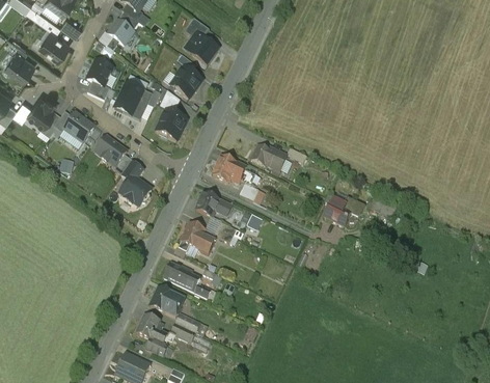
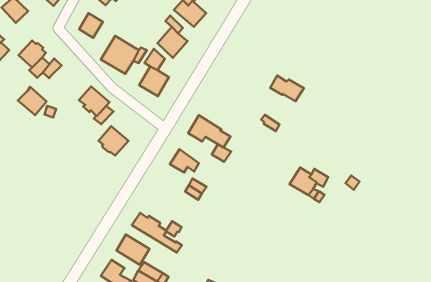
building: [64,114,94,143] -> [18,87,47,115]
building: [252,145,288,170] -> [270,75,304,101]
building: [179,223,215,255] -> none

